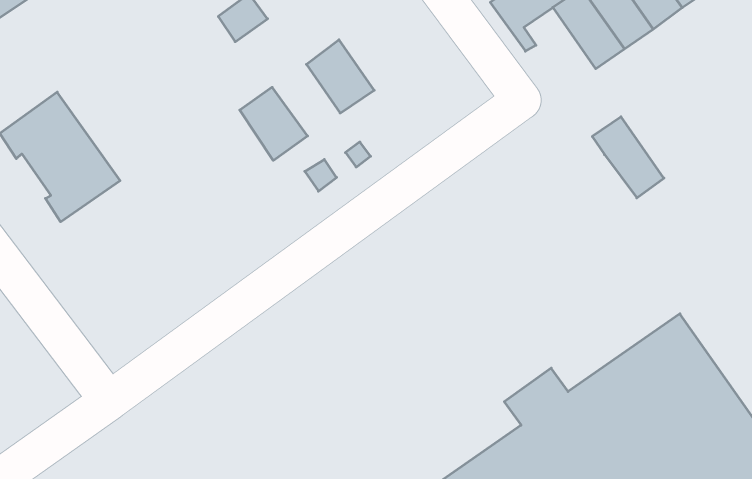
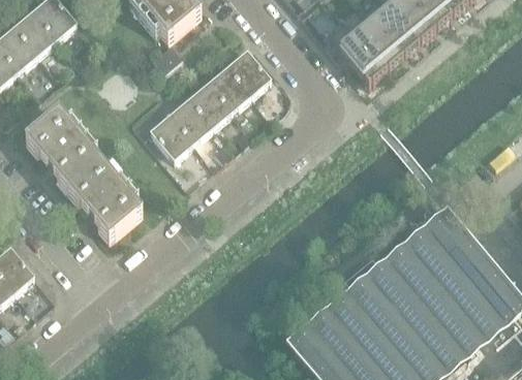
building: none -> [228,46,272,92]
building: none -> [190,80,233,123]
building: none -> [152,110,194,156]
building: [592,117,664,198] -> [340,33,386,82]
building: none -> [68,159,144,236]

